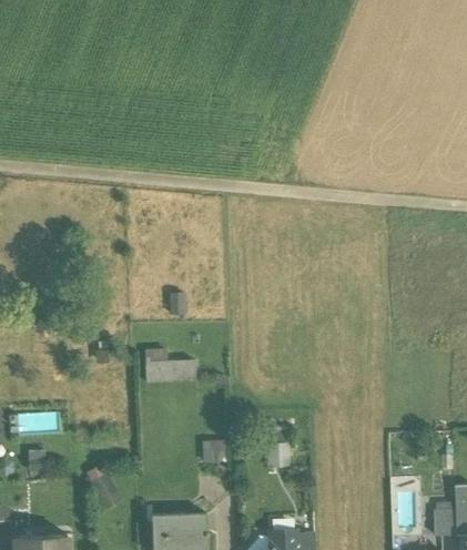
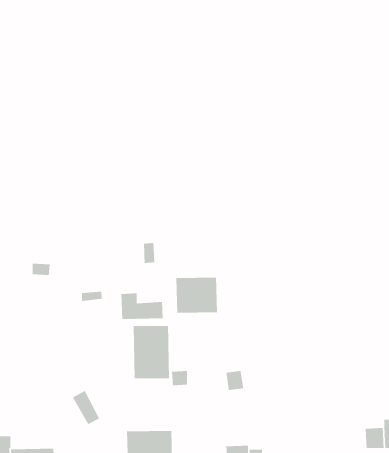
building: none -> [176,277,218,313]
building: none -> [133,325,170,379]

